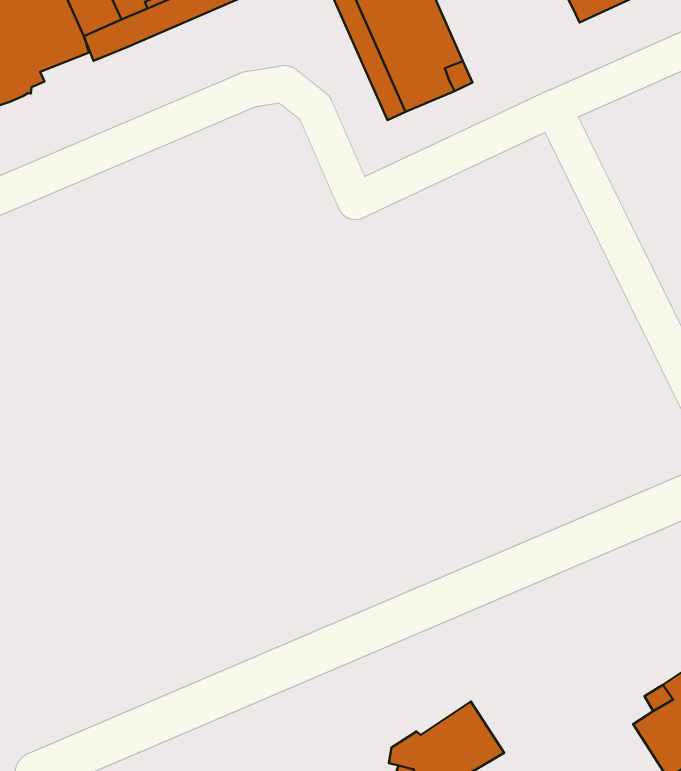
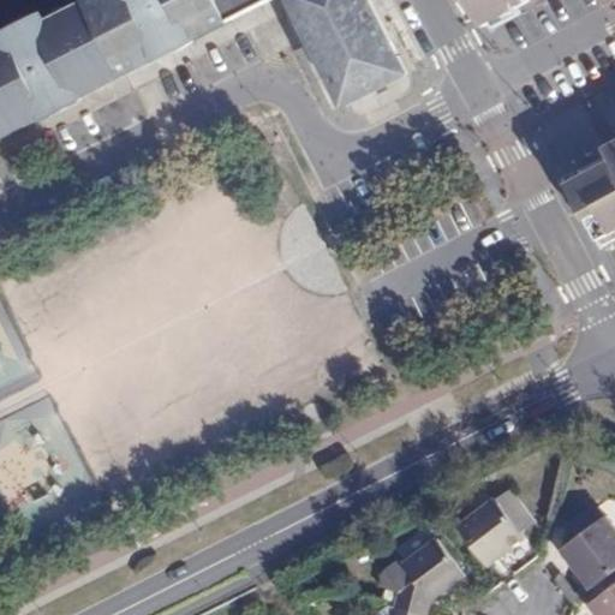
building: none -> [454,489,530,566]

